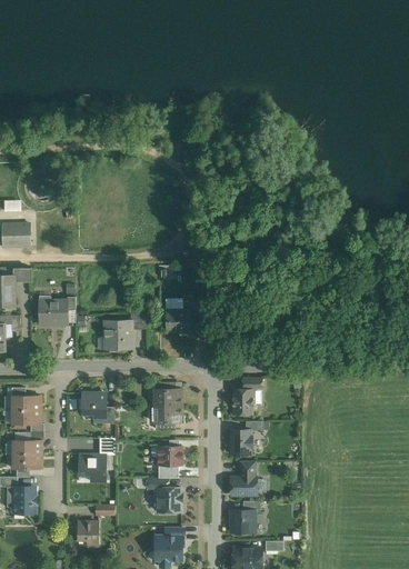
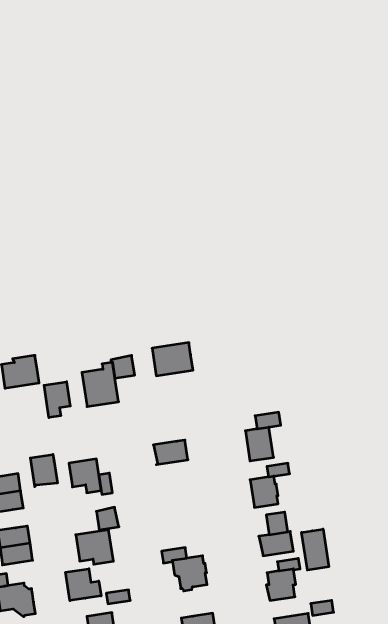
building: none -> [44,382,70,418]
building: none -> [30,454,57,487]
building: [154,406,182,422] -> none
building: [159,447,182,468] -> none
building: none -> [302,529,329,570]
building: none -> [66,569,101,601]

